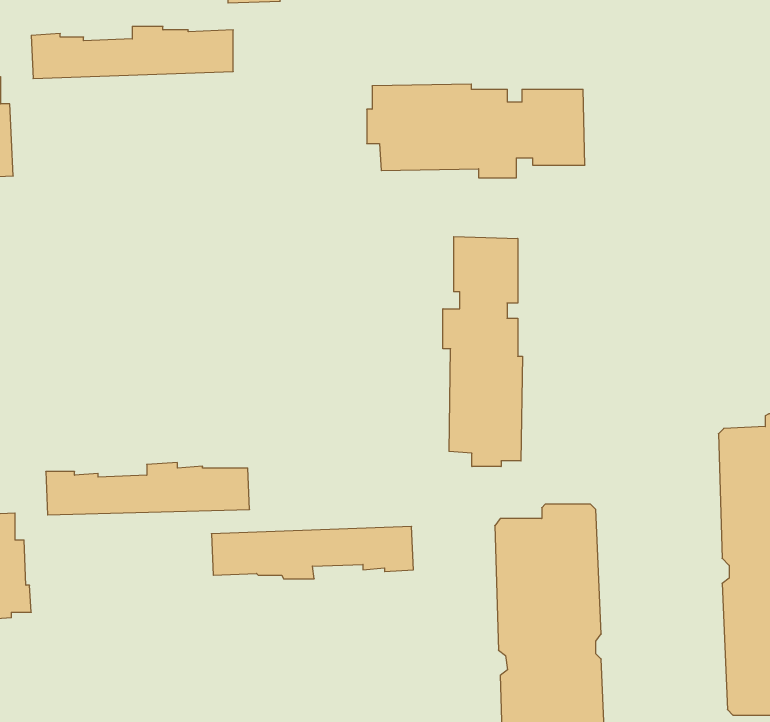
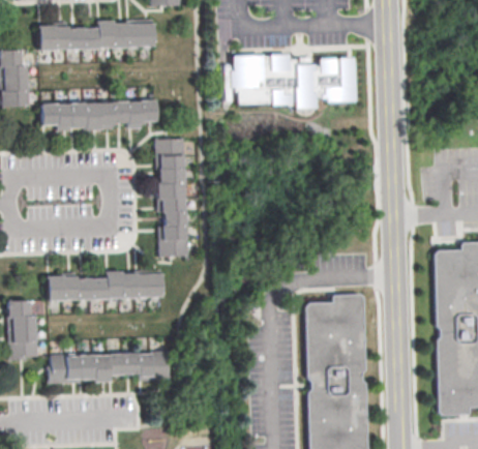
building: none -> [42,100,157,130]
building: none -> [156,138,188,257]
building: [443,237,522,467] -> none
building: [211,526,413,579] -> [55,352,171,382]

